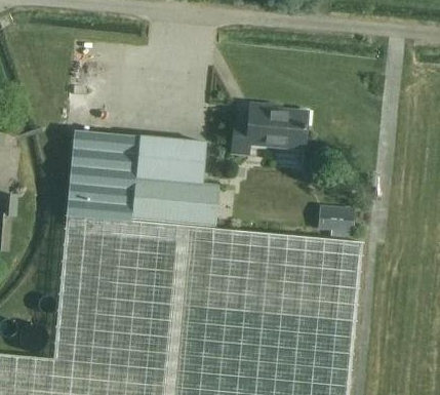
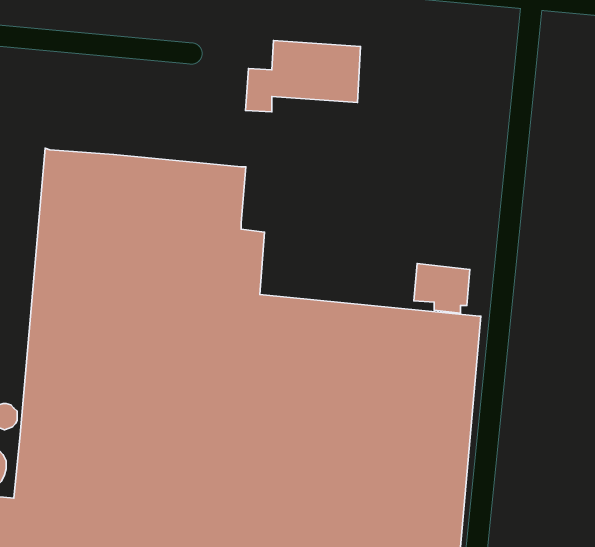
building: [231,109,307,156] -> [245,40,361,112]

